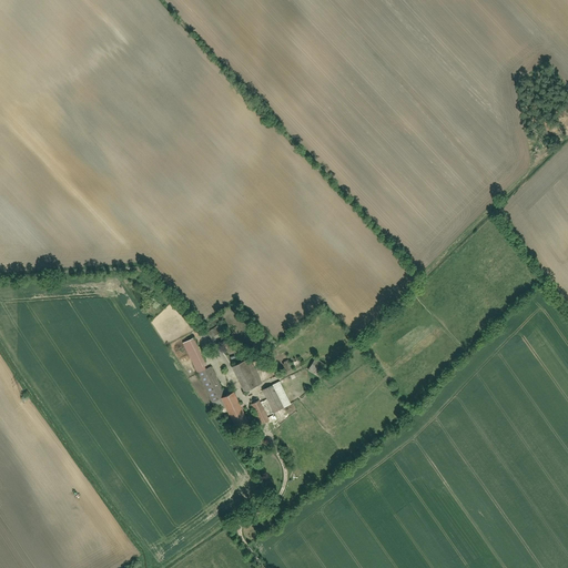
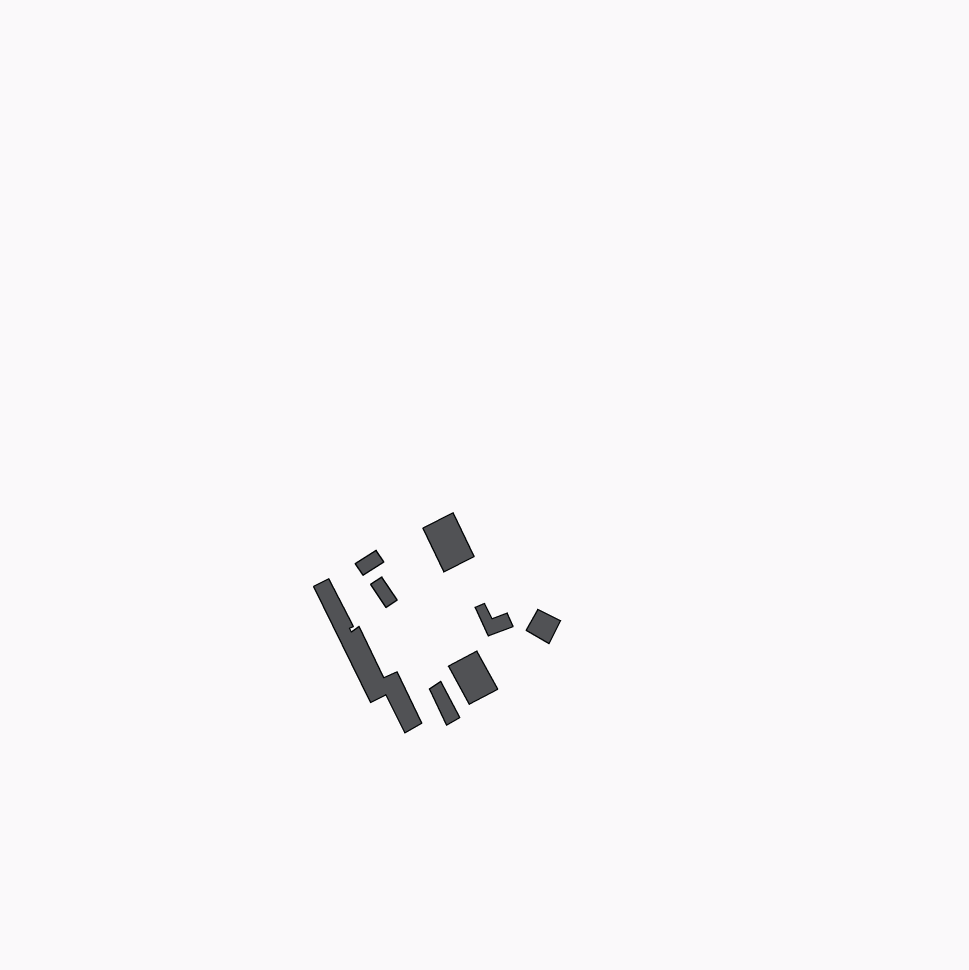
building: [232,356,262,390] -> [423,513,474,572]

